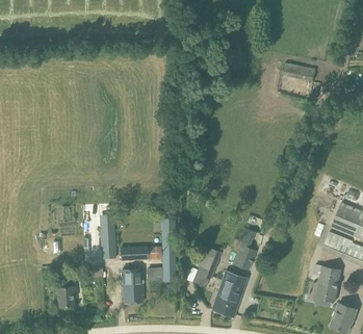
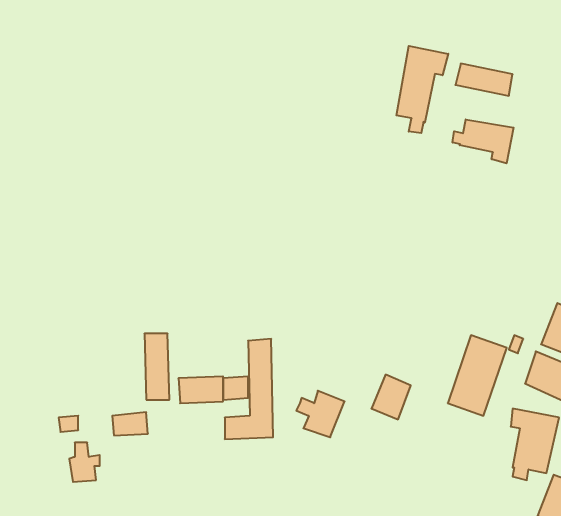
building: none -> [396,46,448,133]
building: none -> [453,119,514,163]
building: [122,268,142,302] -> none
building: [212,271,247,317] -> [448,335,507,416]

